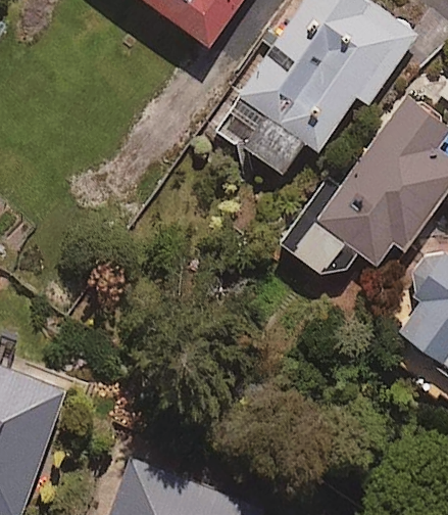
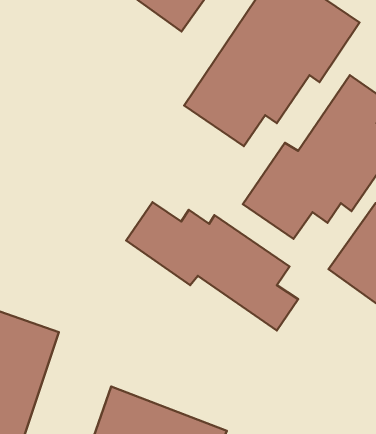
building: none -> [126,202,298,331]

